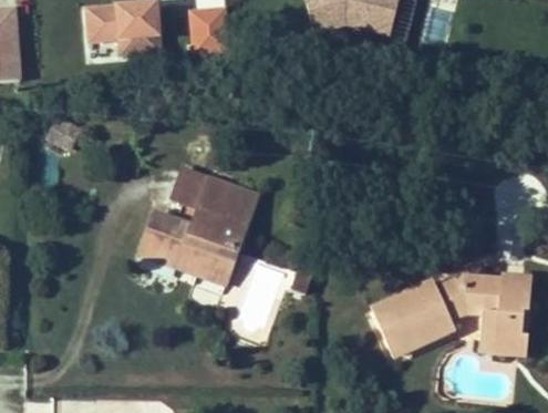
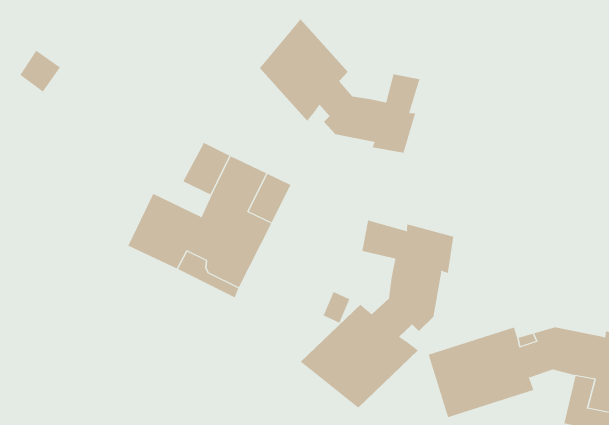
building: none -> [259,18,420,153]
building: none -> [300,219,454,408]

